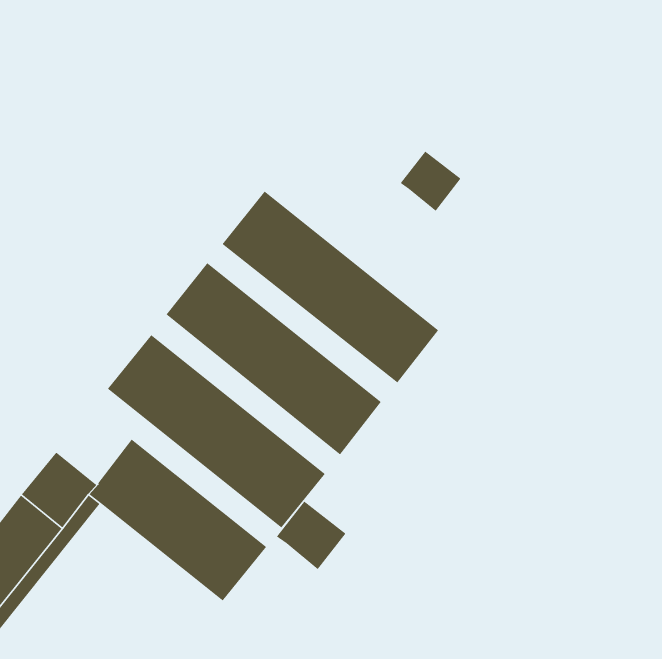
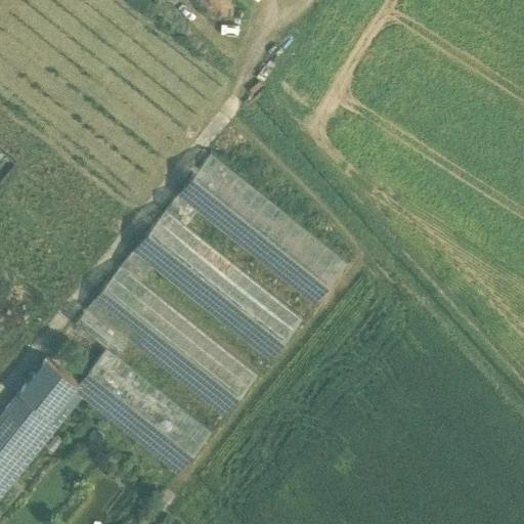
building: [399,151,461,212] -> none
building: [275,500,347,570] -> none

